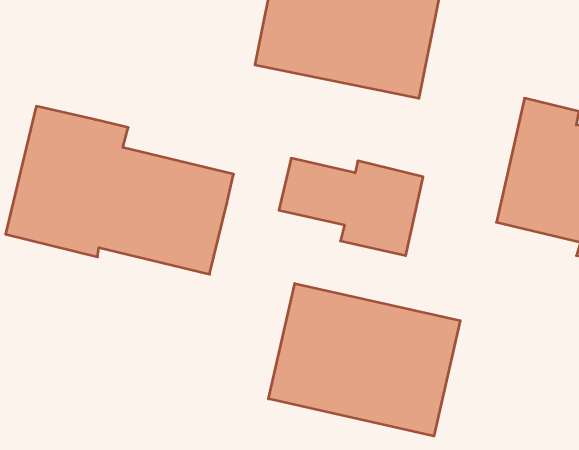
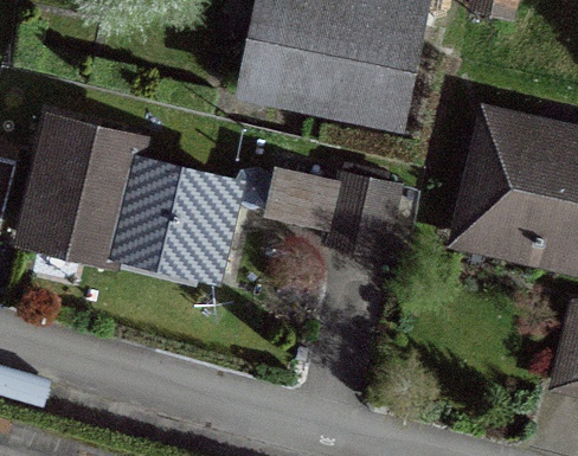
building: [268,283,460,436] -> none

